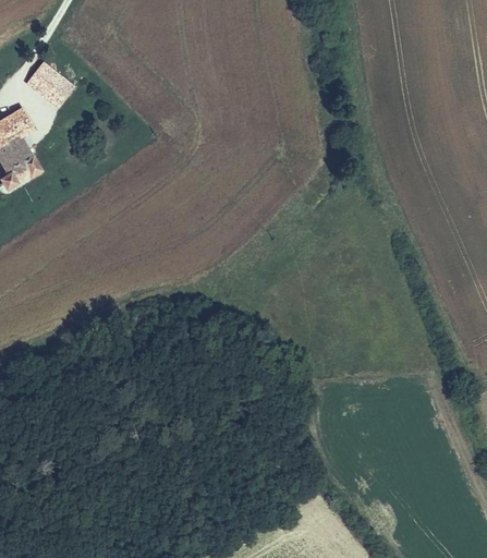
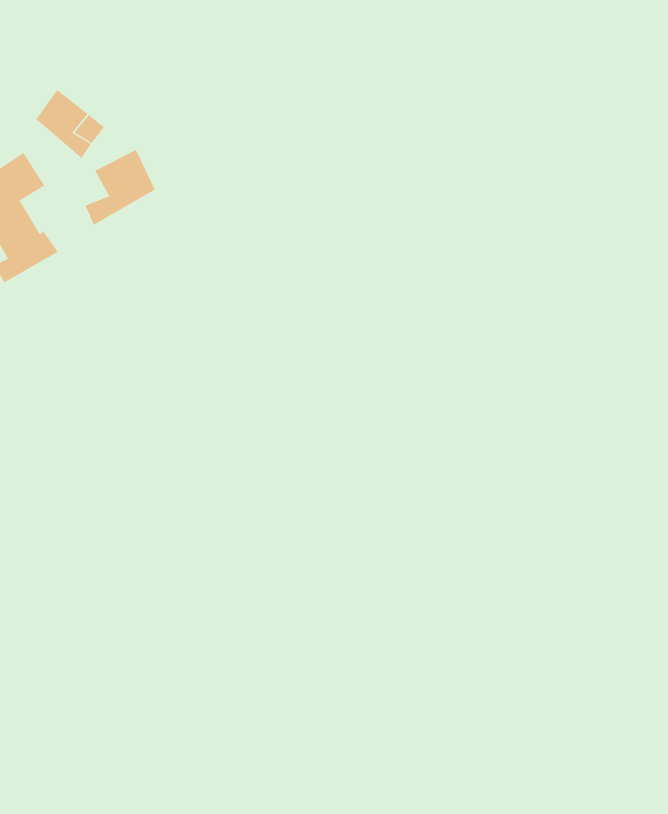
building: none -> [85,149,155,225]

